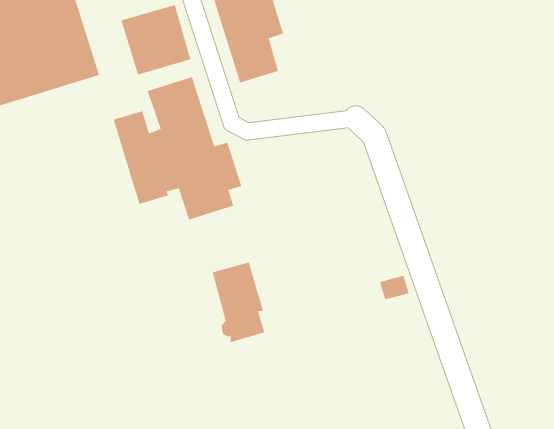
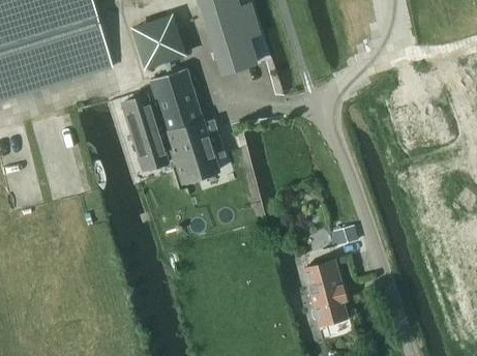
building: [212,262,265,343] -> [304,259,347,323]

